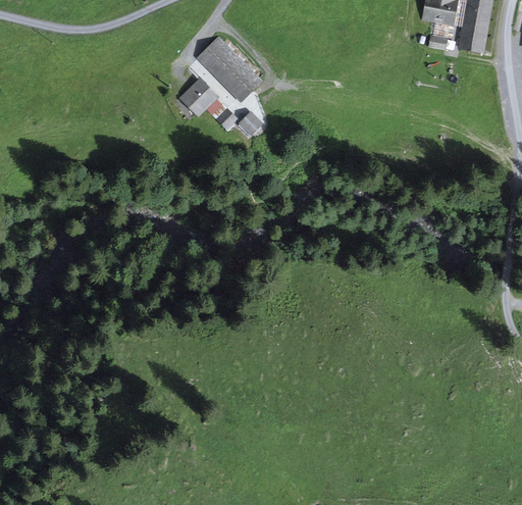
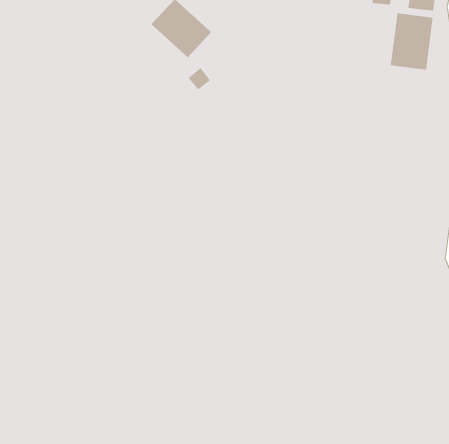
building: none -> [390,13,433,71]
building: [175,78,234,123] -> none

